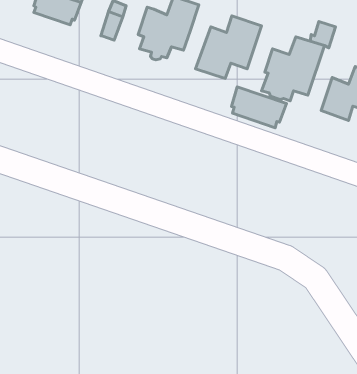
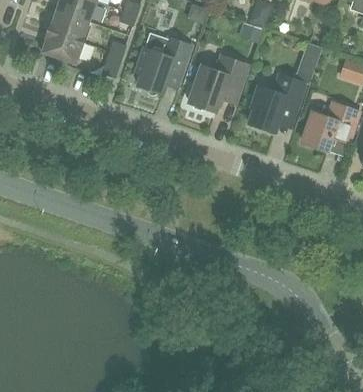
building: [231,87,286,128] -> none

